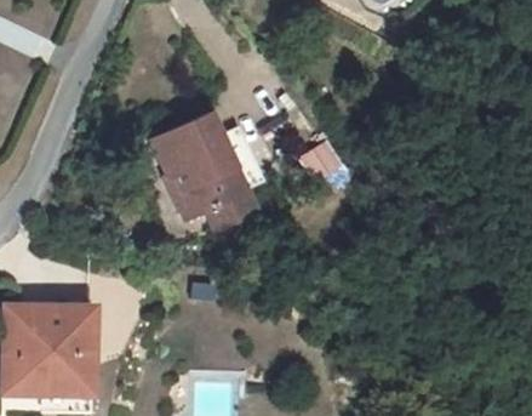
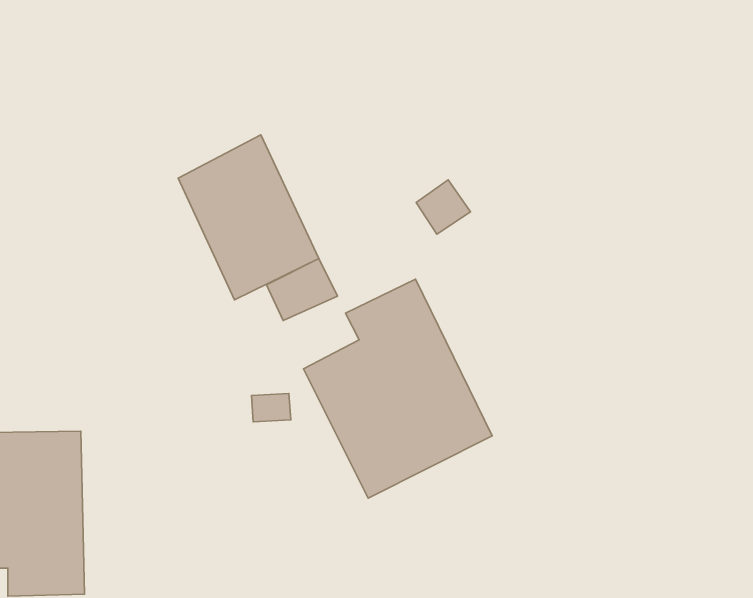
building: none -> [304,279,492,498]

